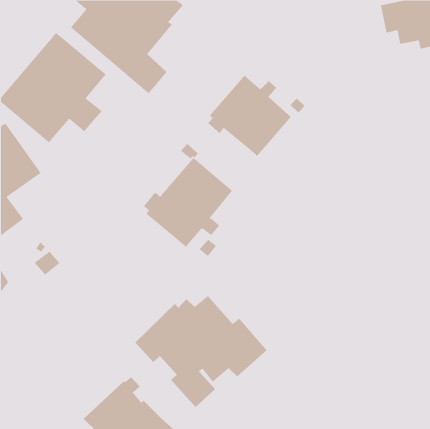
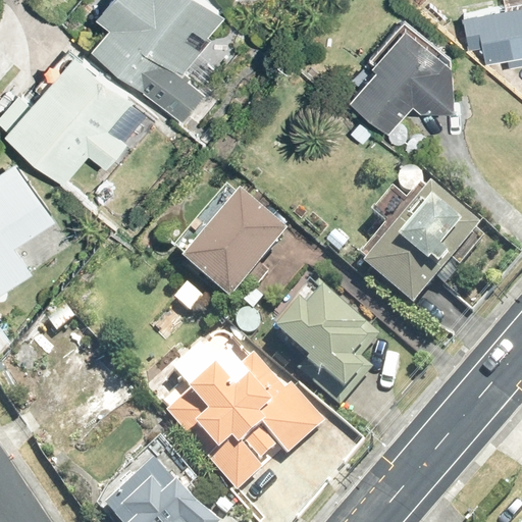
building: none -> [347,15,453,123]
building: [207,75,291,157] -> none
building: none -> [361,188,478,310]
building: none -> [272,290,379,411]

